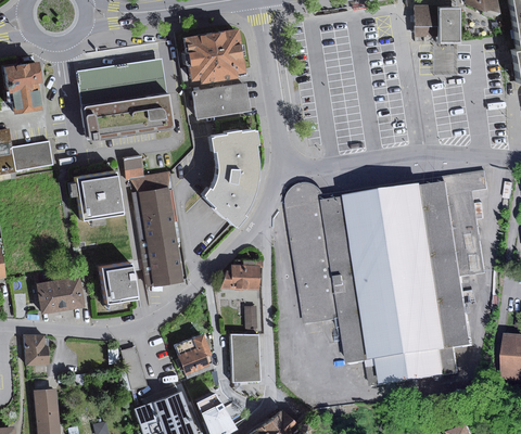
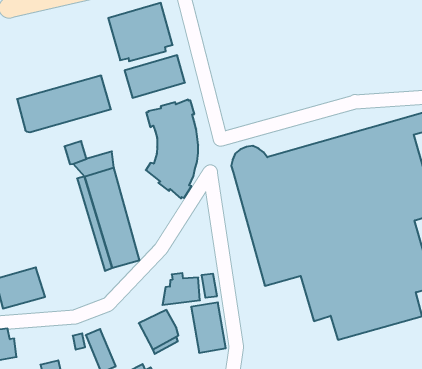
building: [76,58,168,106] -> none
building: [72,171,119,220] -> none
building: [221,259,260,289] -> [162,273,200,305]
building: [97,261,134,302] -> none

